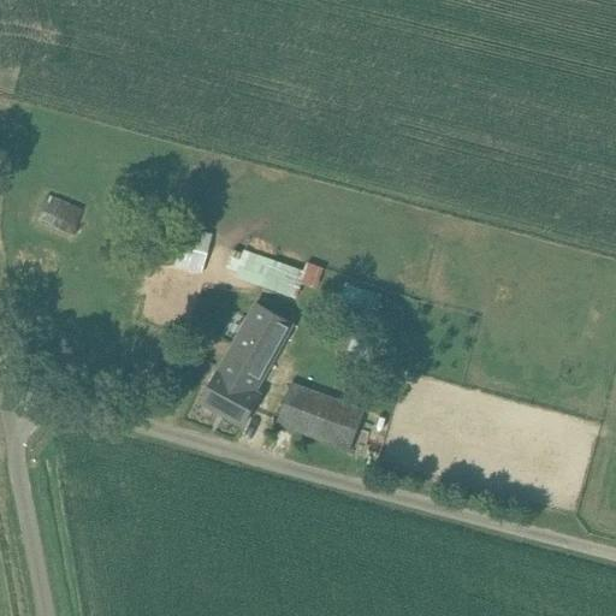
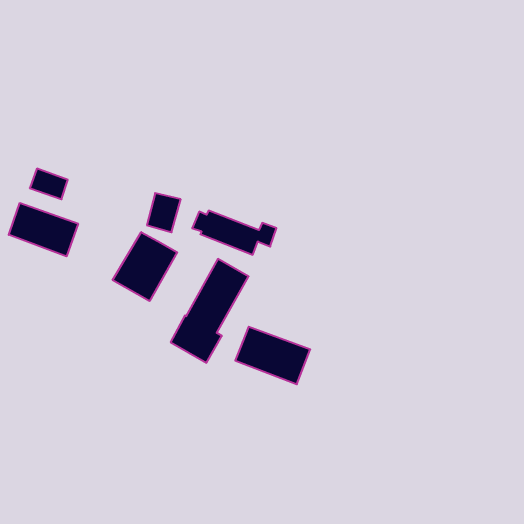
building: none -> [9,203,78,256]
building: none -> [113,232,177,301]

